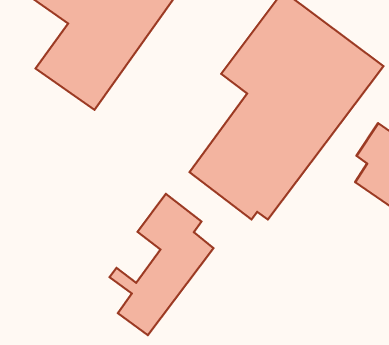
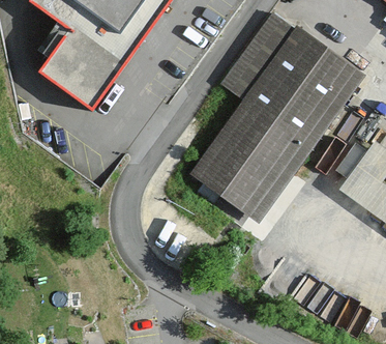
building: [109,194,214,335] -> none

